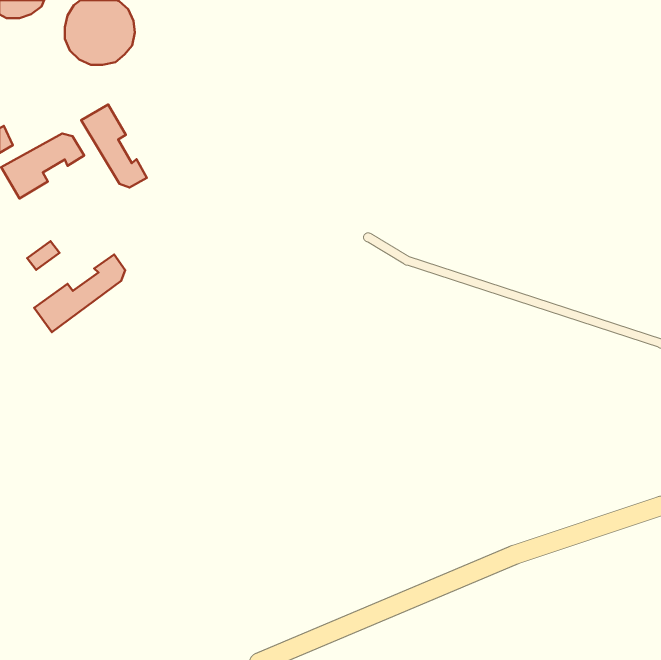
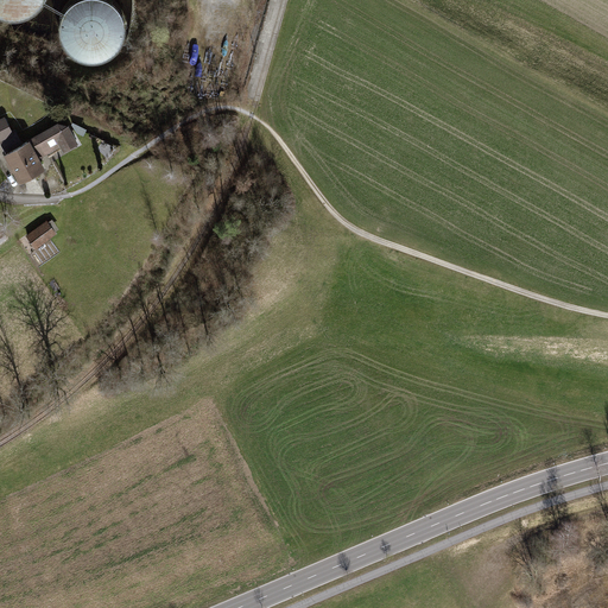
building: [81,104,147,187] -> none
building: [34,254,125,332] -> none

